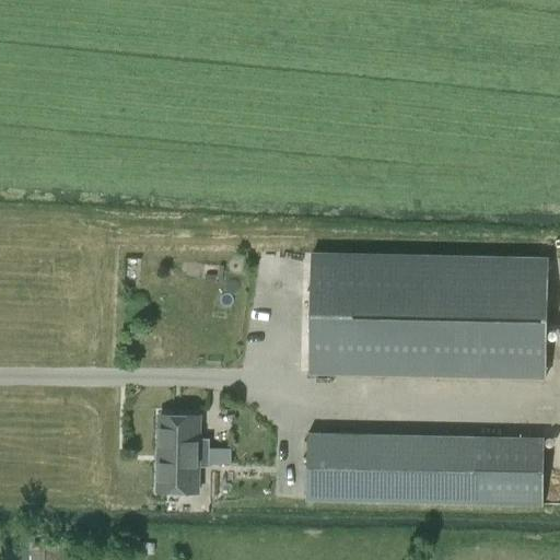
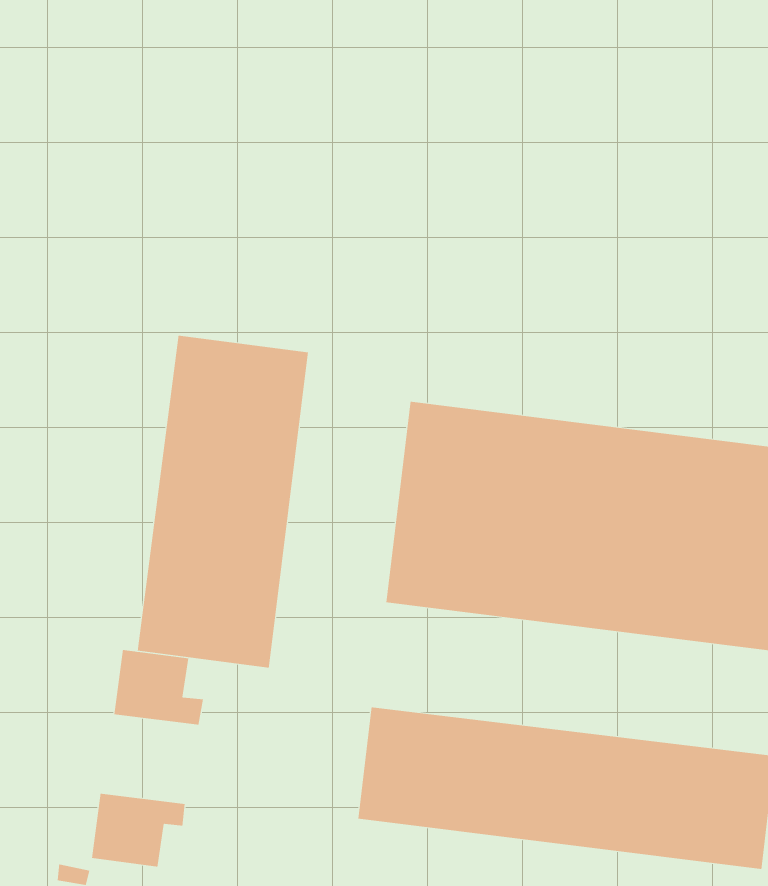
building: none -> [137,335,308,669]
building: [156,453,208,492] -> [91,793,185,867]

